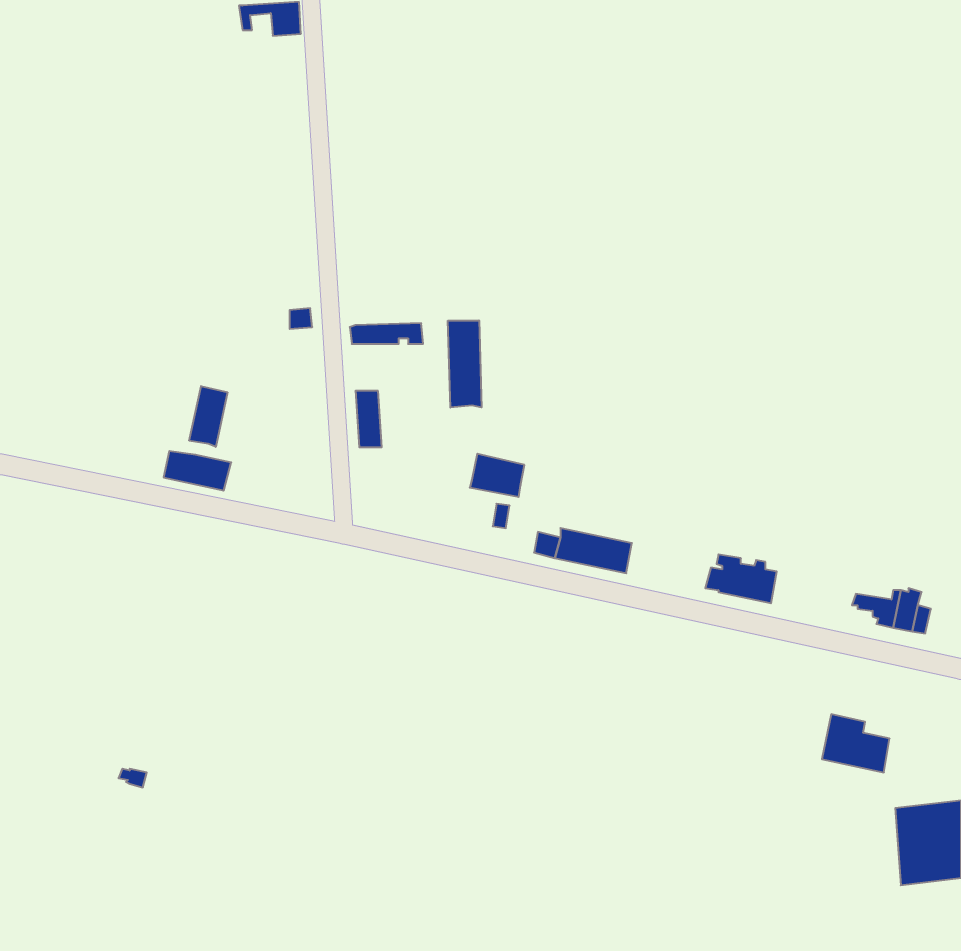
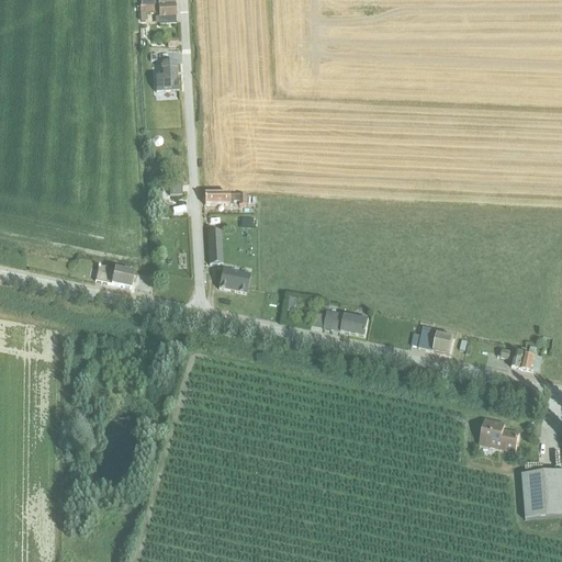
building: none -> [155,59,179,88]
building: [448,320,482,408] -> none
building: [189,386,227,447] -> none
building: [470,454,524,497] -> [218,266,250,291]

